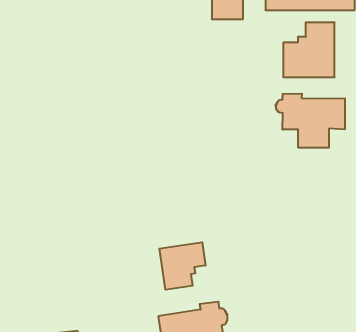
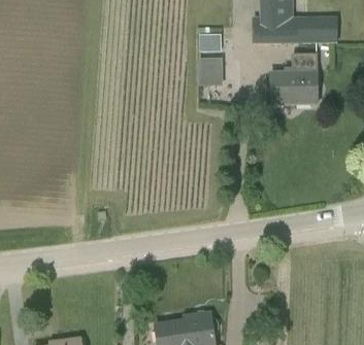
building: [276,94,345,148] -> none
building: [159,242,206,290] -> none

